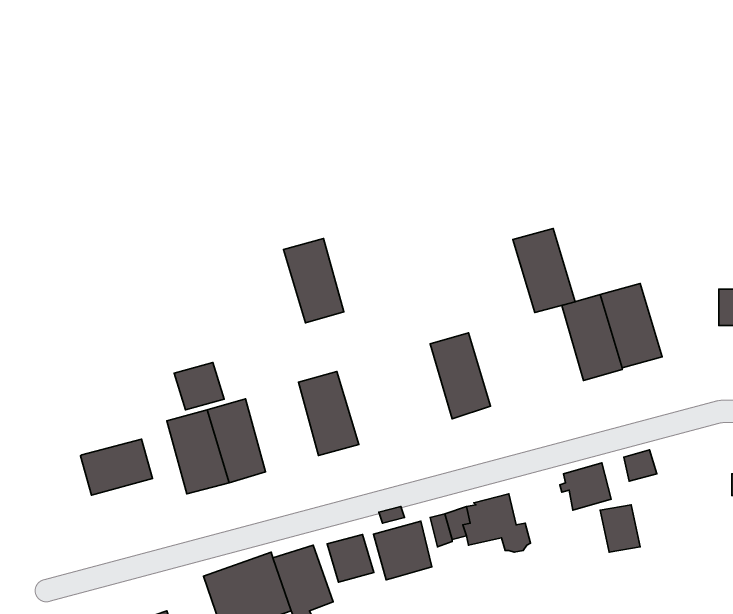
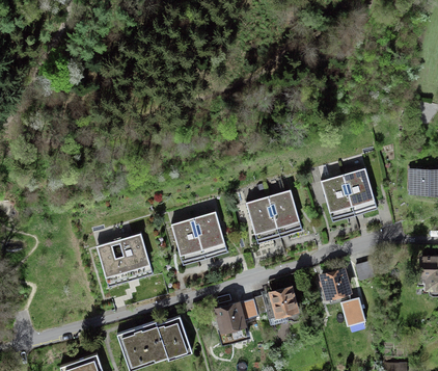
building: [513,229,575,313] -> [267,189,302,237]
building: [283,239,344,323] -> [192,211,226,259]
building: [174,363,224,410] -> none
building: [81,439,152,495] -> none
building: [327,534,374,582] -> none

